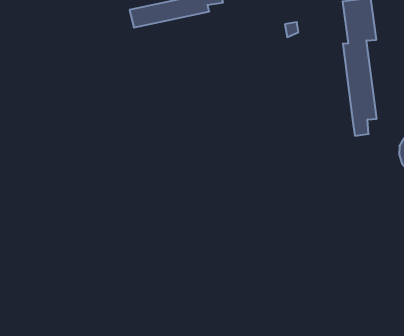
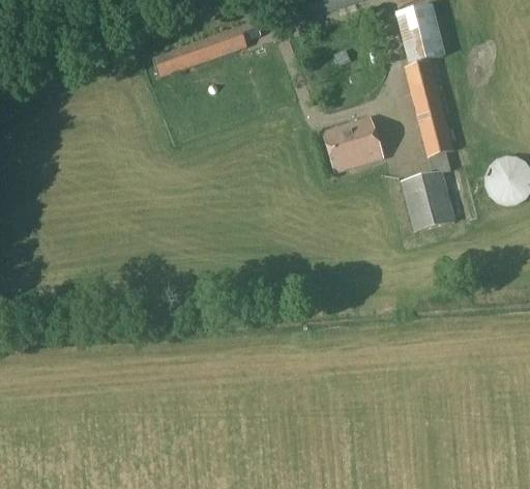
building: none -> [324,115,384,171]
building: none -> [404,170,455,227]

